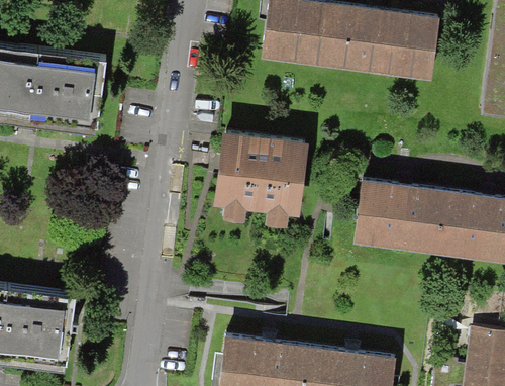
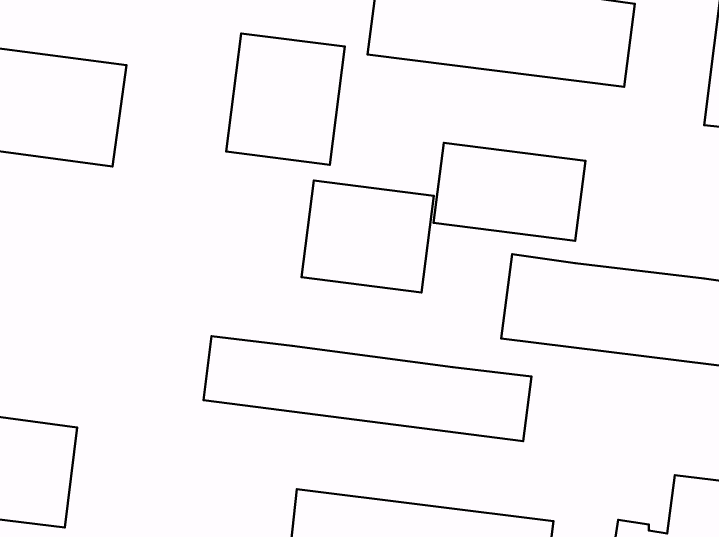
building: none -> [226,33,345,165]
building: none -> [434,143,586,241]
building: none -> [203,336,532,441]

